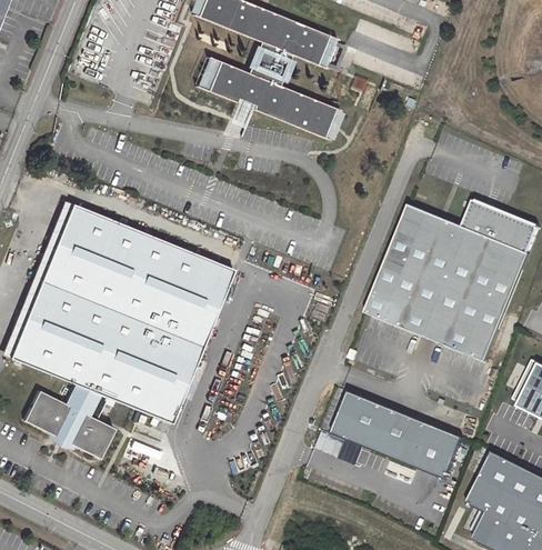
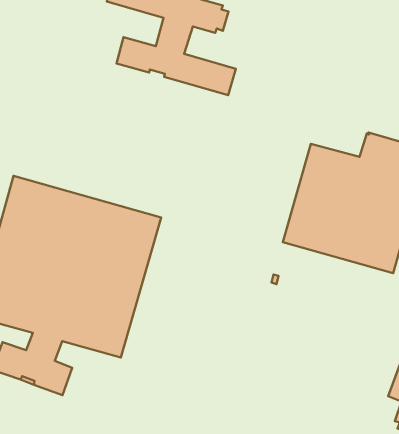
building: [331,391,464,478] -> none

